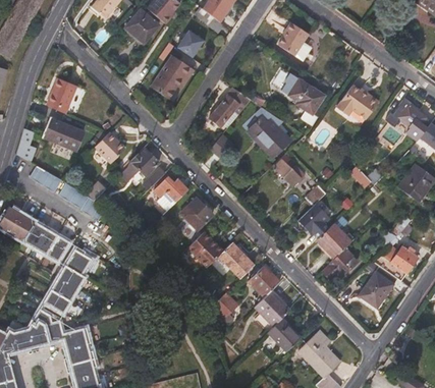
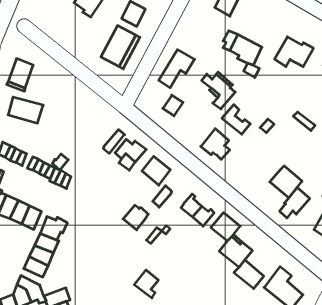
building: [95,131,125,162] -> none
building: [130,147,159,176] -> none
building: [298,203,329,236] -> [201,129,230,159]
building: [196,239,223,266] -> [123,205,148,230]
building: [212,292,238,323] -> [134,270,158,298]

